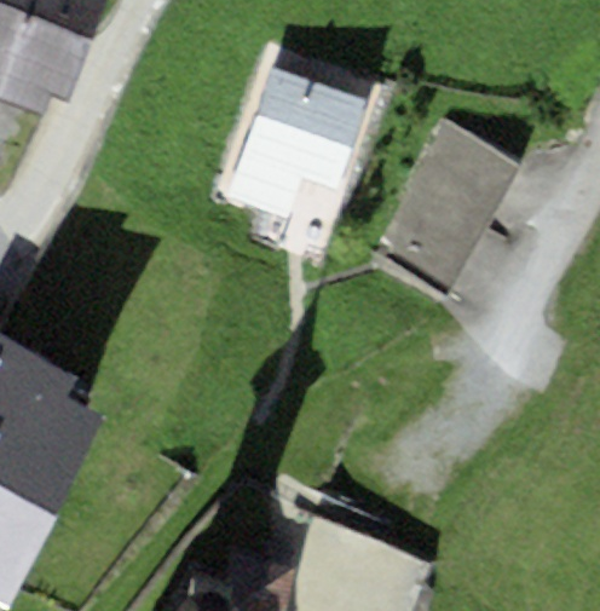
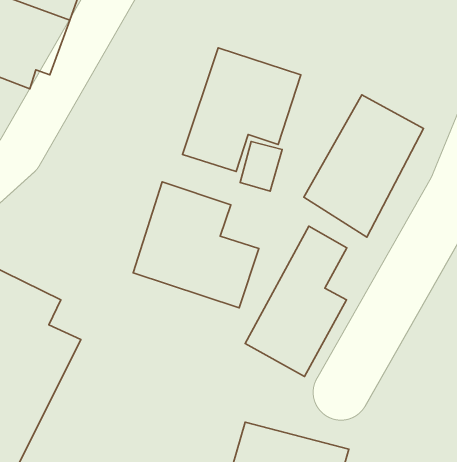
building: none -> [133,182,259,308]
building: none -> [245,226,347,376]

